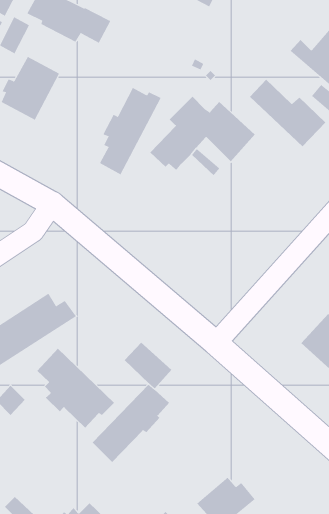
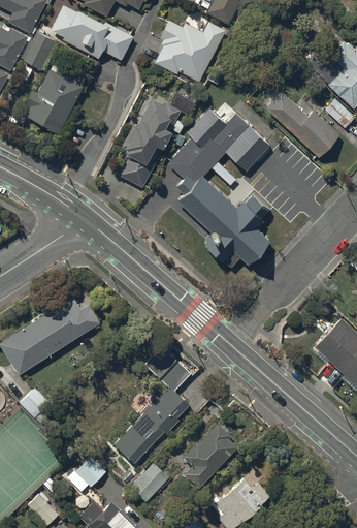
building: none -> [157,23,225,81]
building: none -> [176,176,269,267]
building: [36,348,115,428] -> none
building: none -> [185,425,237,488]
building: none -> [76,458,106,487]
building: none -> [131,464,169,503]

